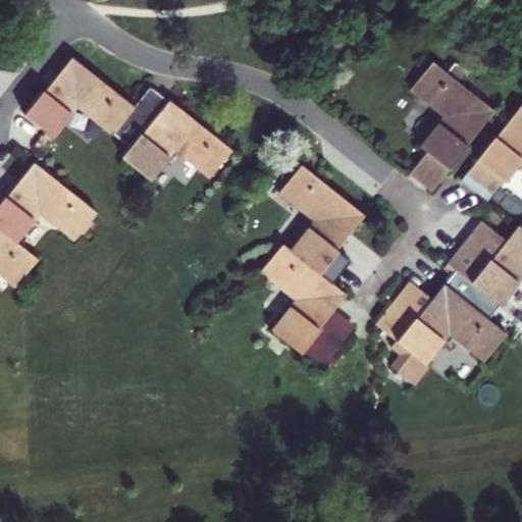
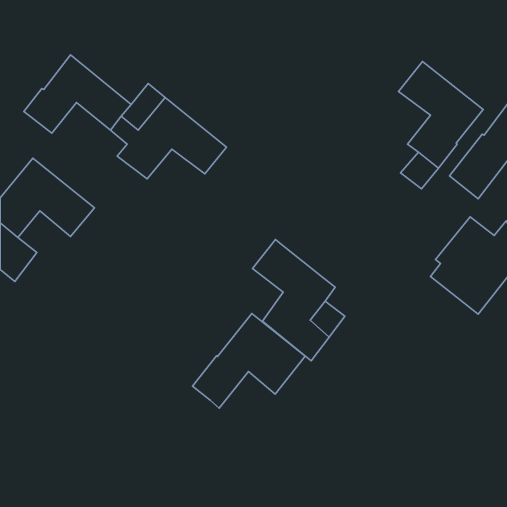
building: [279,166,365,285] -> none
building: [377,283,508,377] -> none
building: none -> [192,313,305,408]

